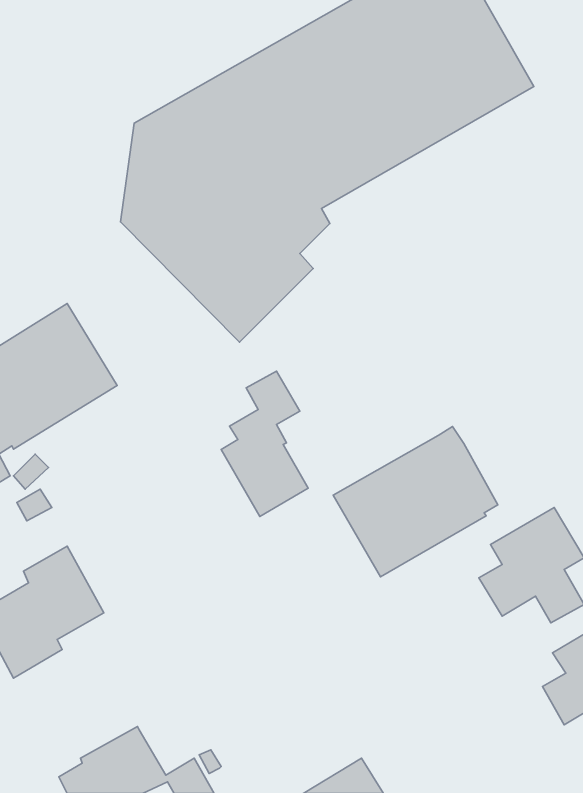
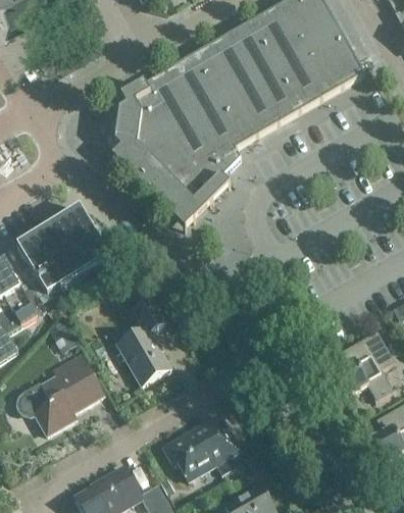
building: [221,371,308,516] -> [118,294,171,382]
building: [333,426,498,577] -> none
building: none -> [164,412,241,477]

